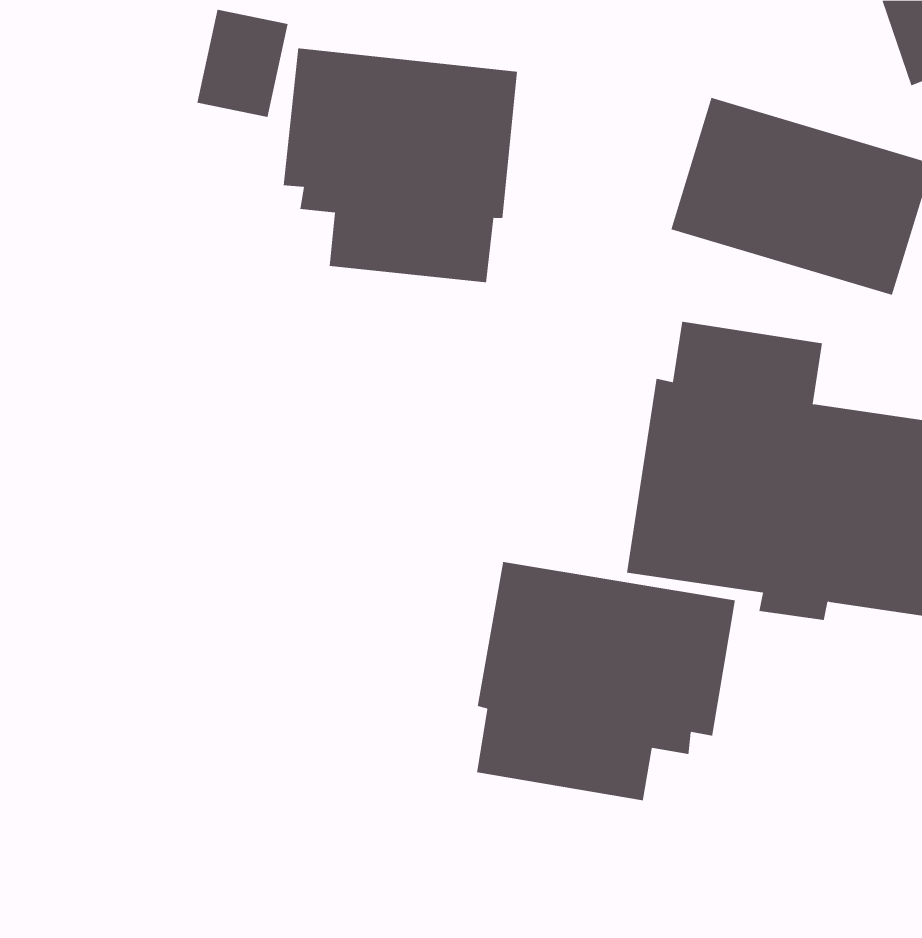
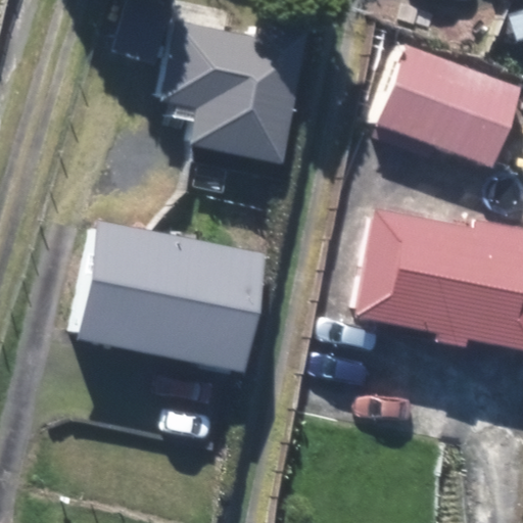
building: none -> [78,225,260,368]
building: [476,561,736,801] -> none

